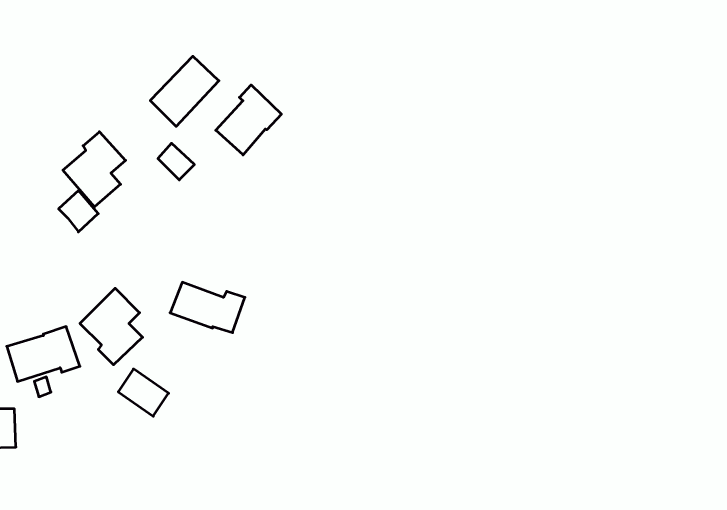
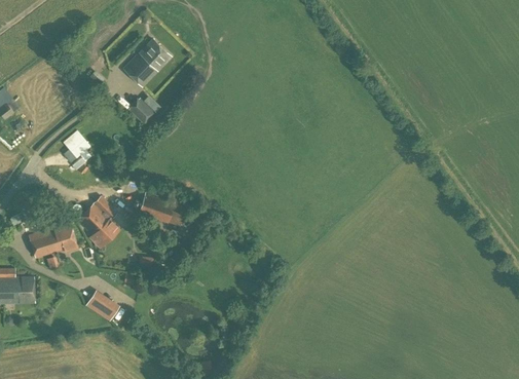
building: [216,85,281,155] -> none
building: [63,132,126,207] -> none
building: [118,369,169,416] -> [85,290,119,321]

